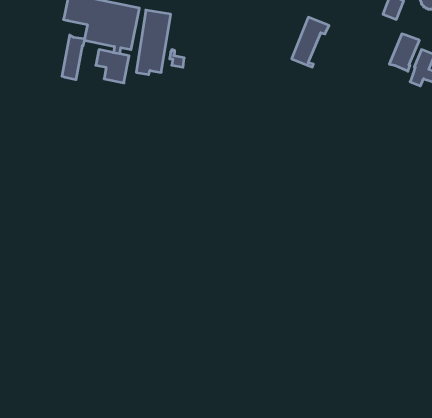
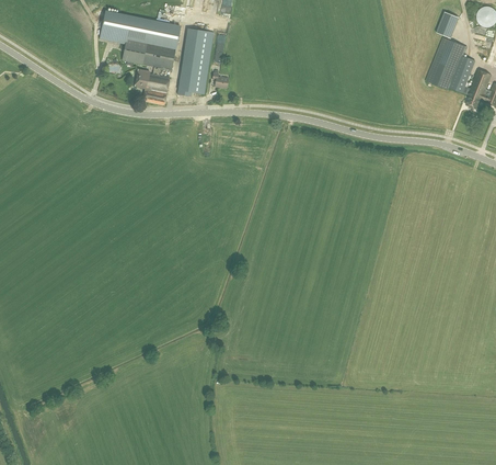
building: [292,17,329,67] -> [426,36,465,89]
building: [62,35,85,80] -> none

